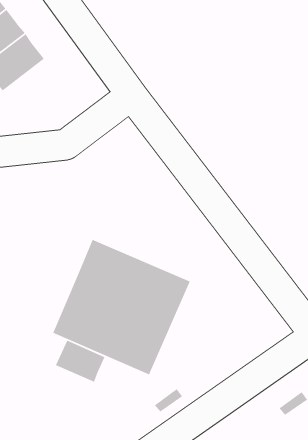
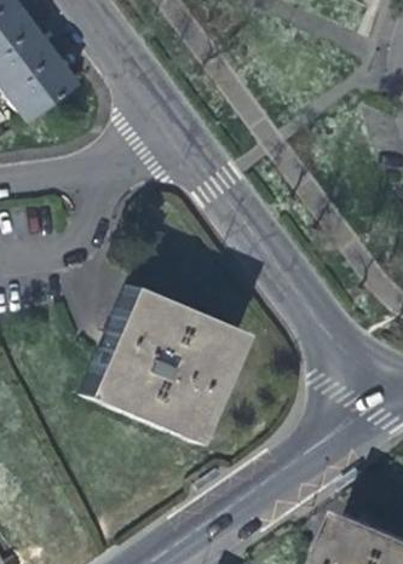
building: [55,339,106,383] -> none

